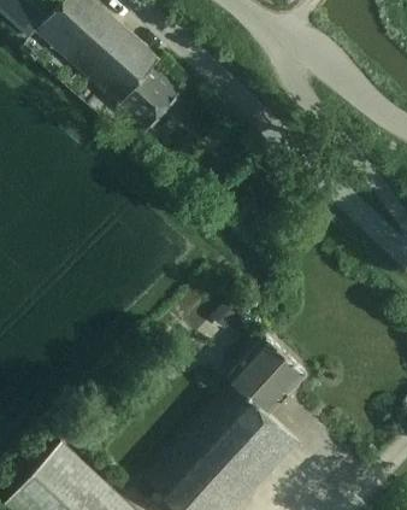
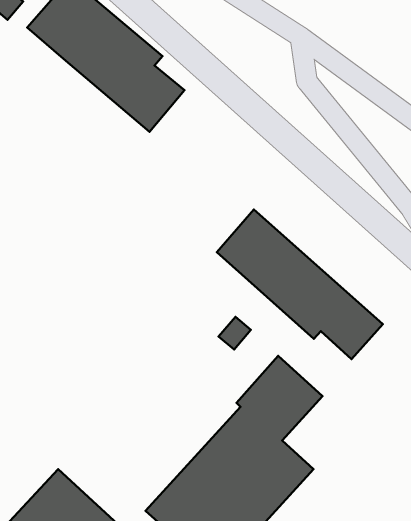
building: none -> [217,210,383,359]

